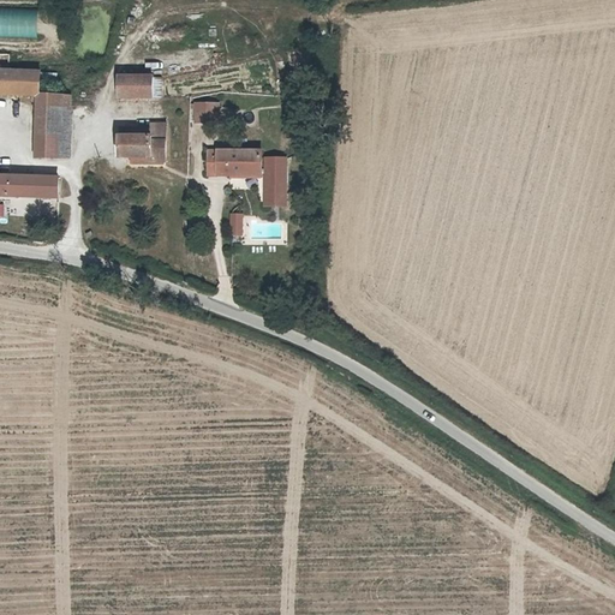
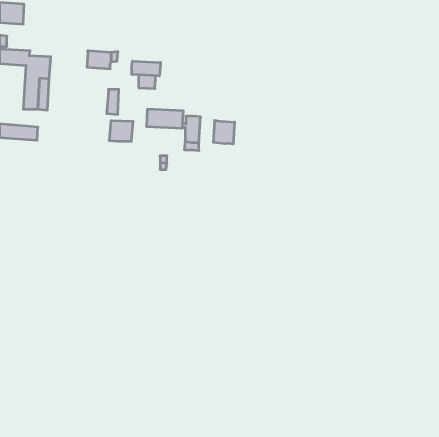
building: none -> [131,61,161,76]
building: [118,126,151,155] -> [109,121,133,141]
building: none -> [213,120,235,144]

